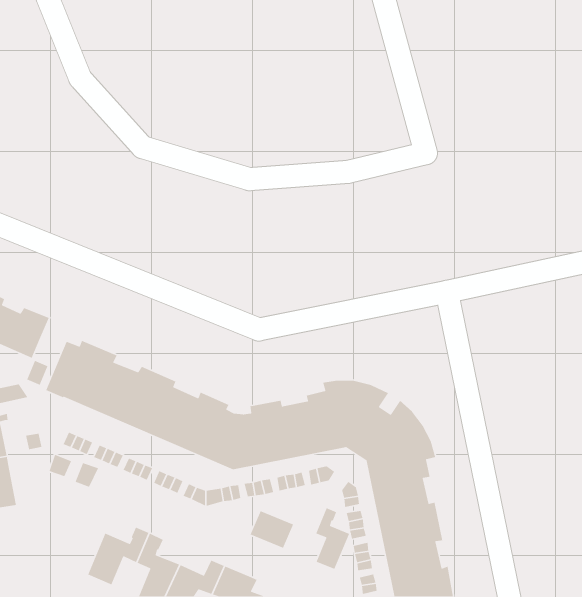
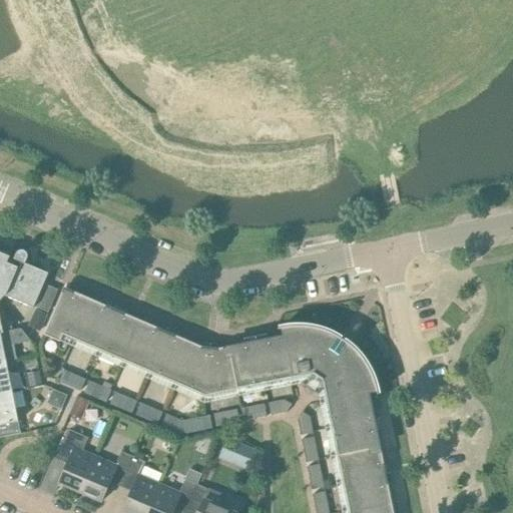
building: none -> [58,428,95,491]
building: [315,507,350,570] -> none

